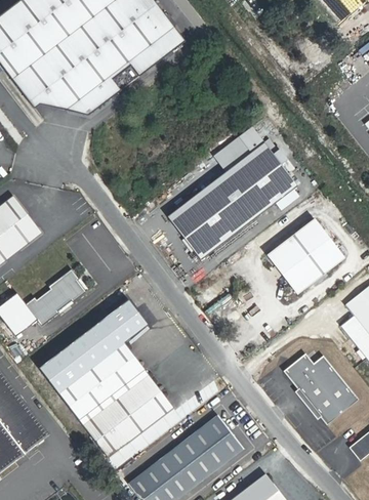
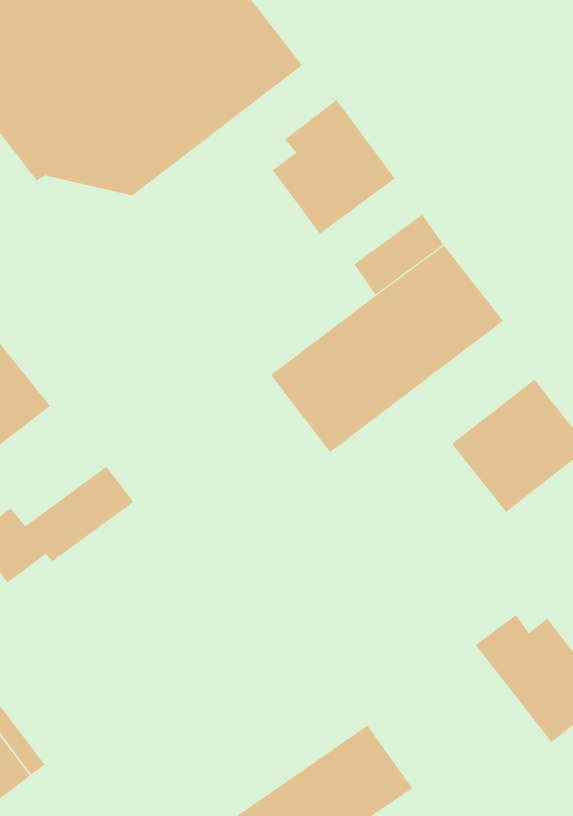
building: none -> [272,99,395,234]
building: [38,298,174,459] -> none

